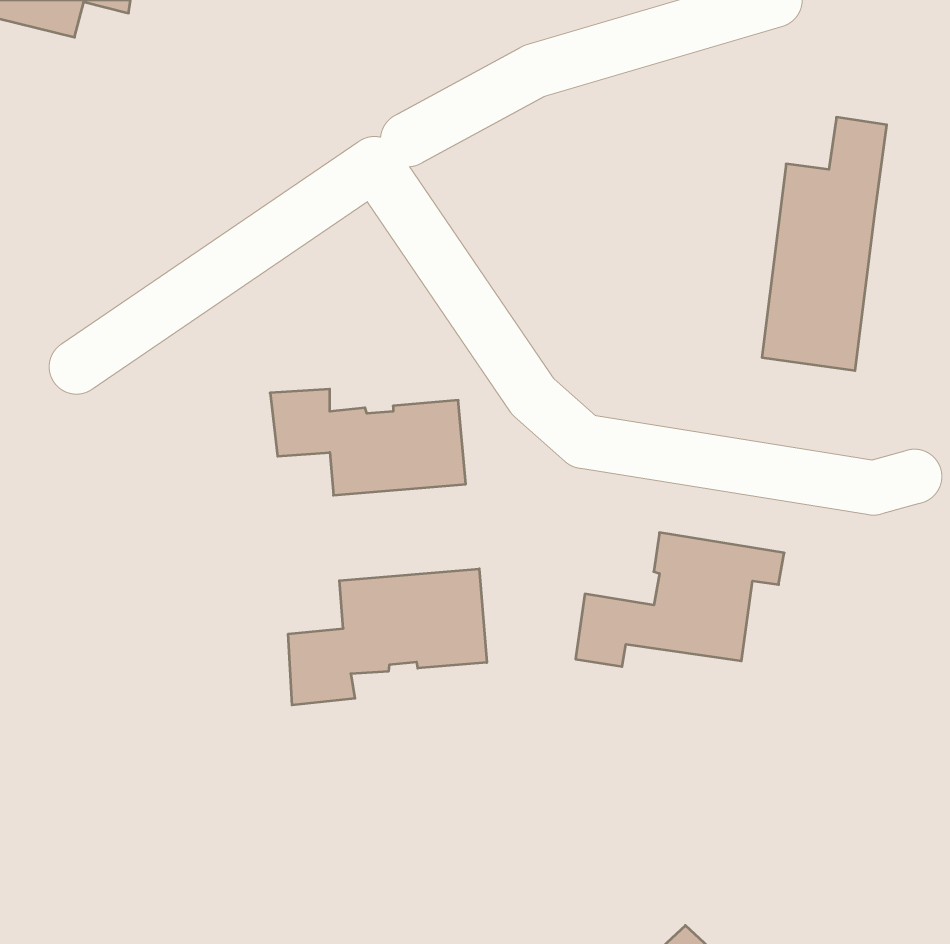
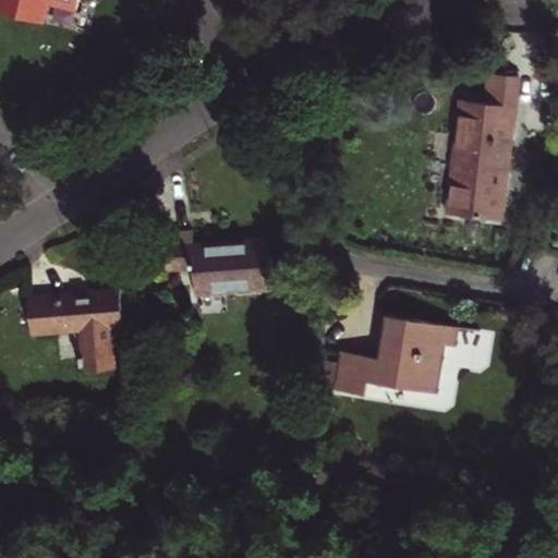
building: none -> [27,293,120,372]
building: [288,569,487,705] -> none

